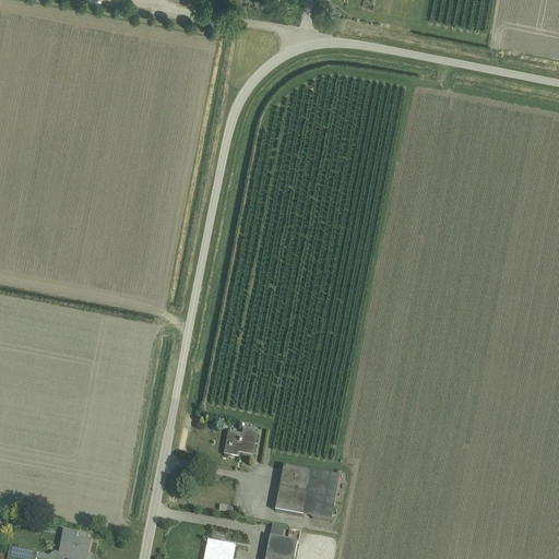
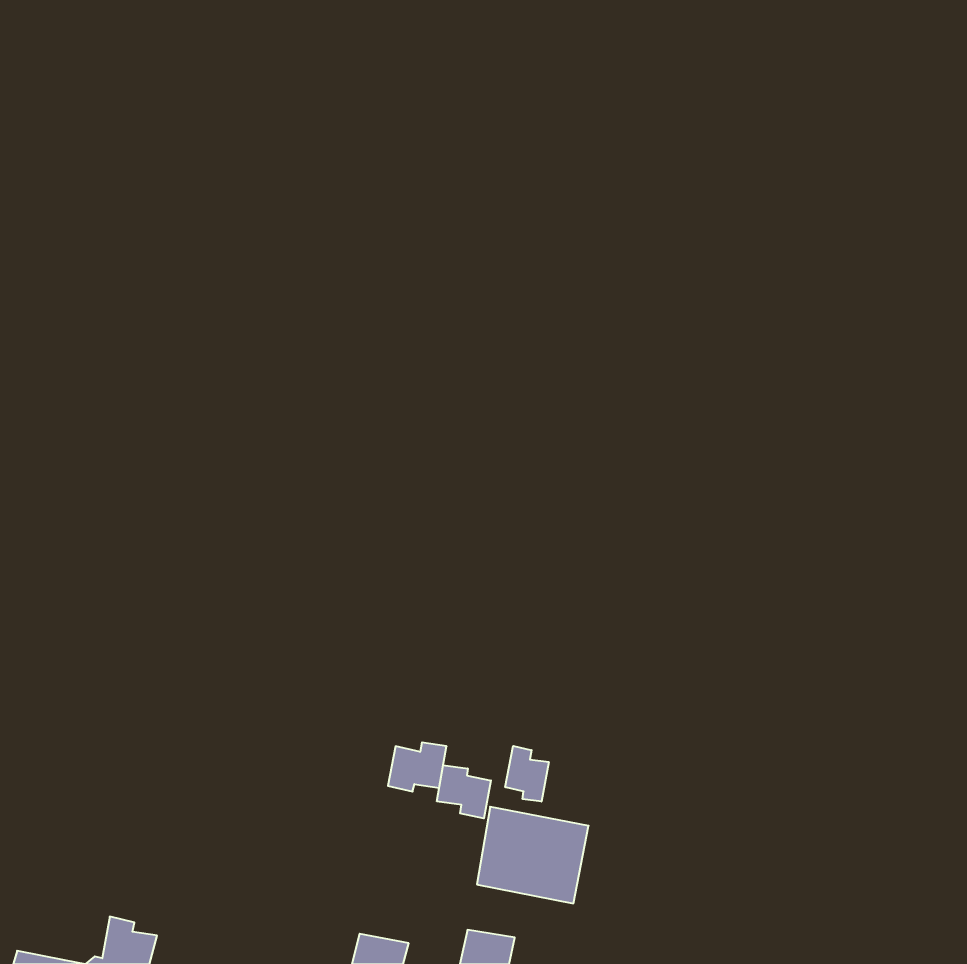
building: none -> [505,746,549,802]
building: none -> [437,765,491,818]

